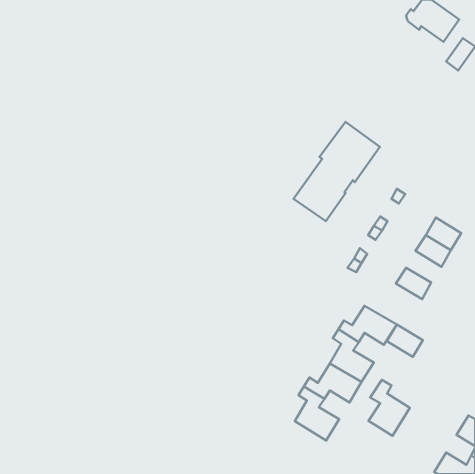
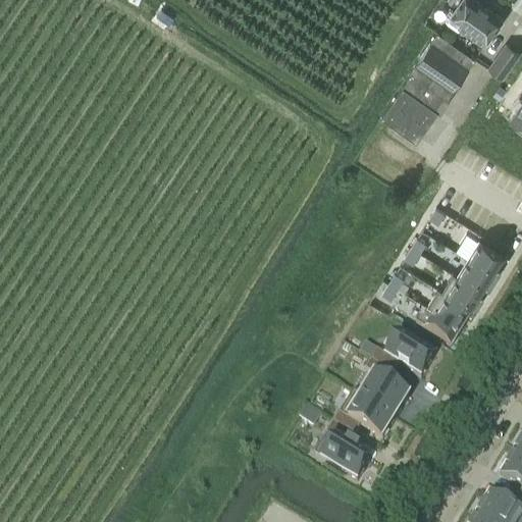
building: [293,122,380,221] -> [381,33,476,142]
building: none -> [446,275,484,310]
building: [387,324,423,357] -> [423,311,463,347]
building: [369,380,410,436] -> none

